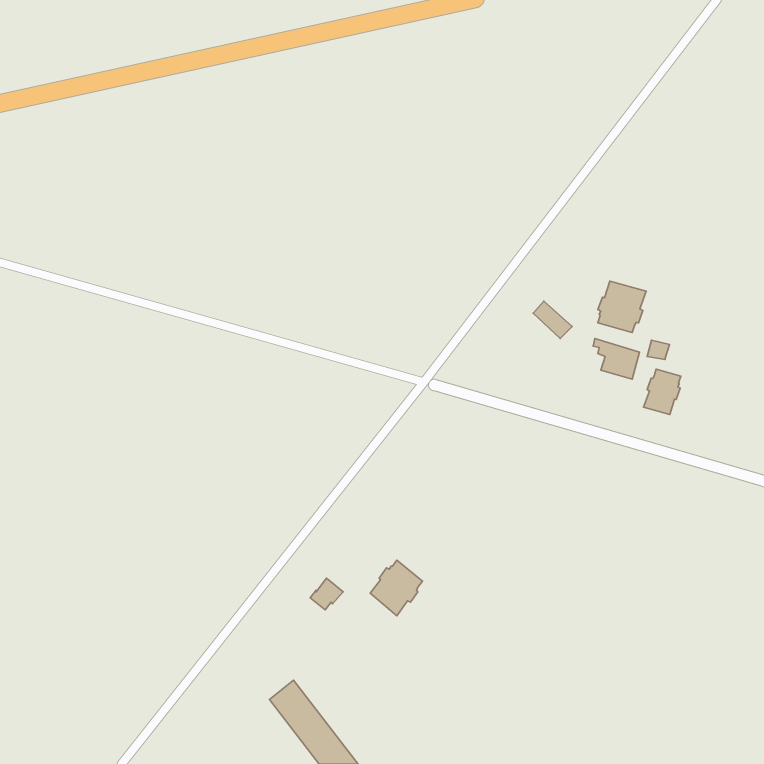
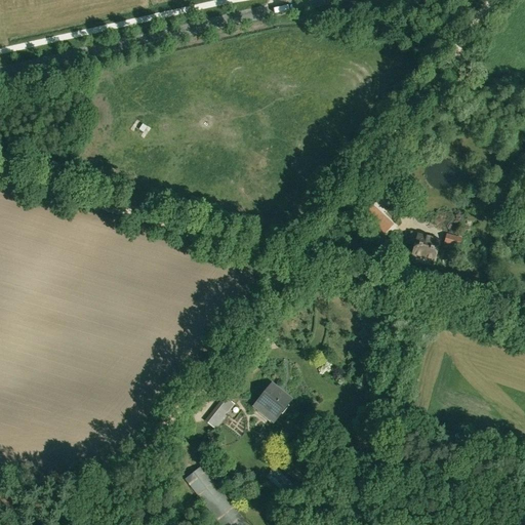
building: [598,281,646,333] -> none
building: [644,369,681,414] -> none

